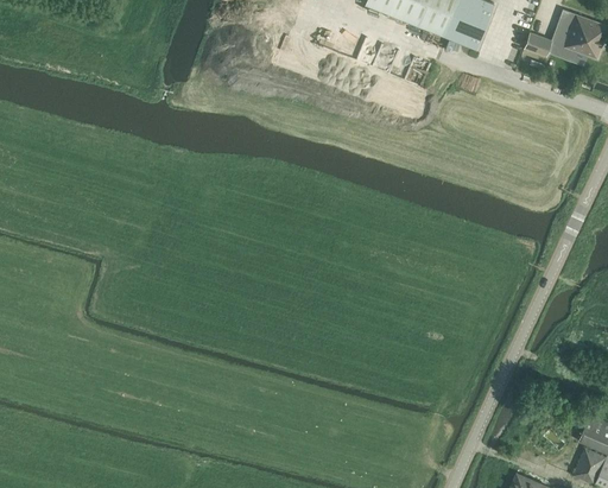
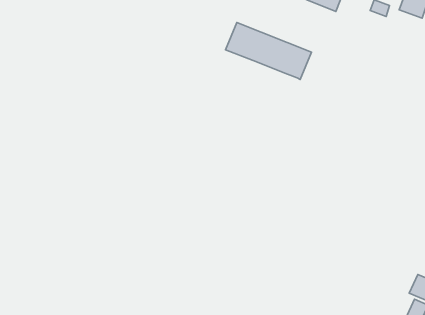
building: none -> [225,22,312,80]

